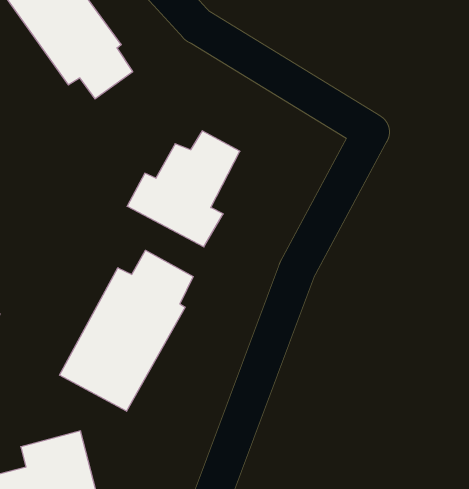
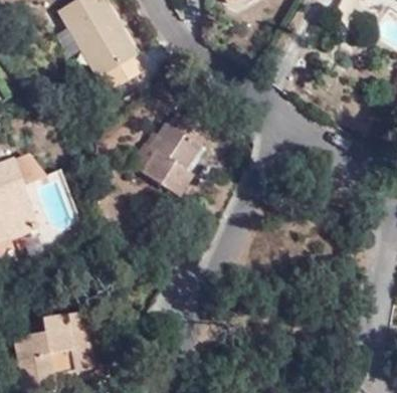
building: [60,250,193,411] -> none

